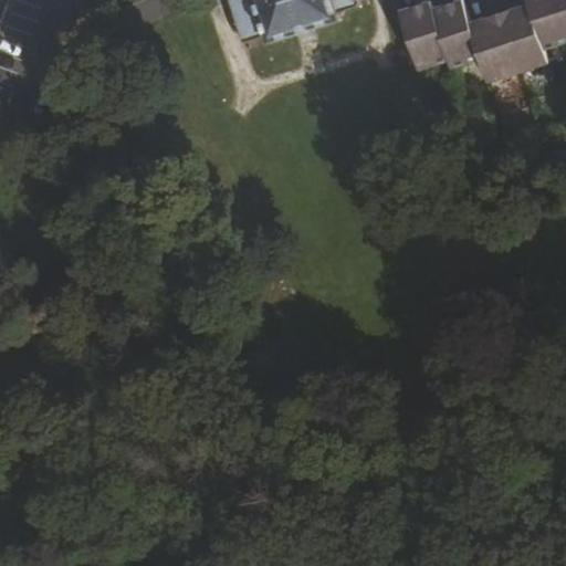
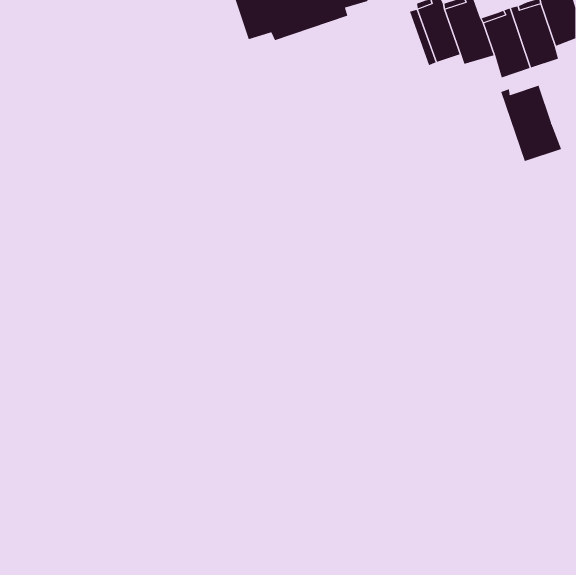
building: none -> [501,85,562,162]

